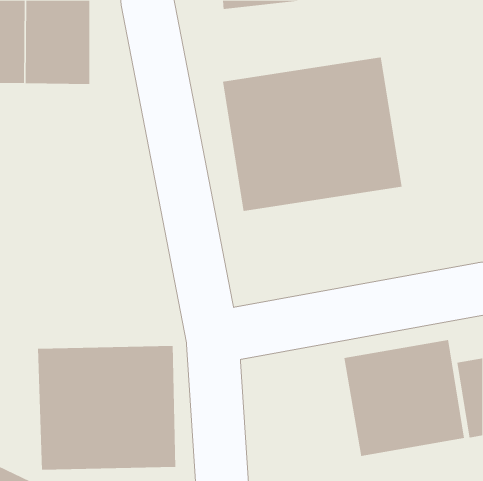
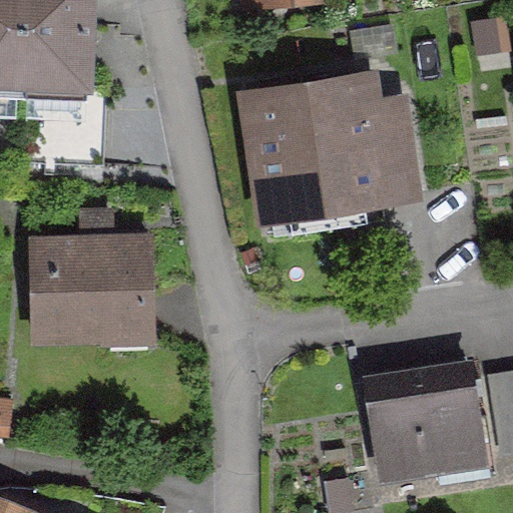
building: none -> [28,231,153,346]
building: [37,345,176,471] -> none

